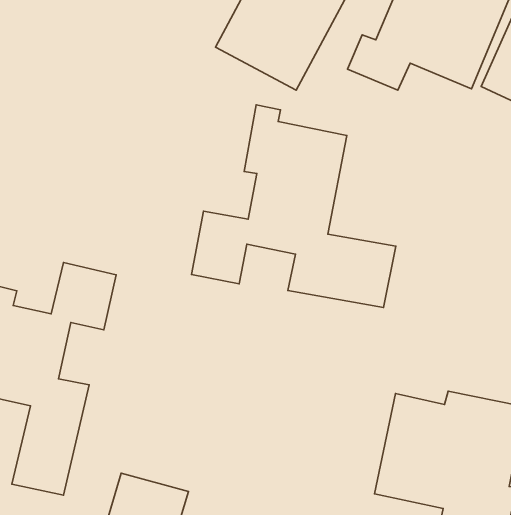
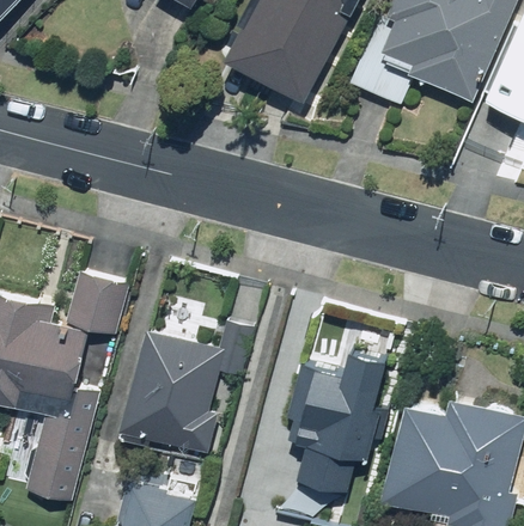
building: [192,105,396,308] -> none
building: none -> [118,322,251,451]
building: none -> [299,354,386,489]

